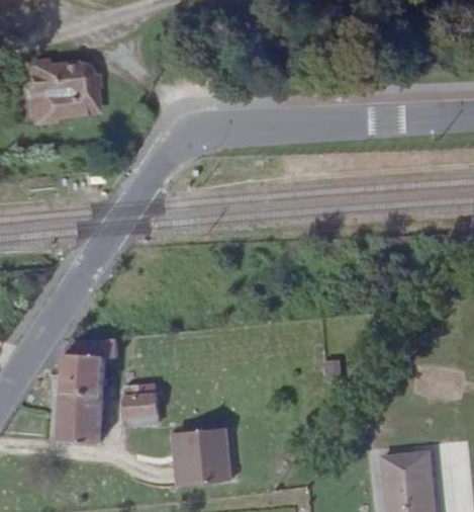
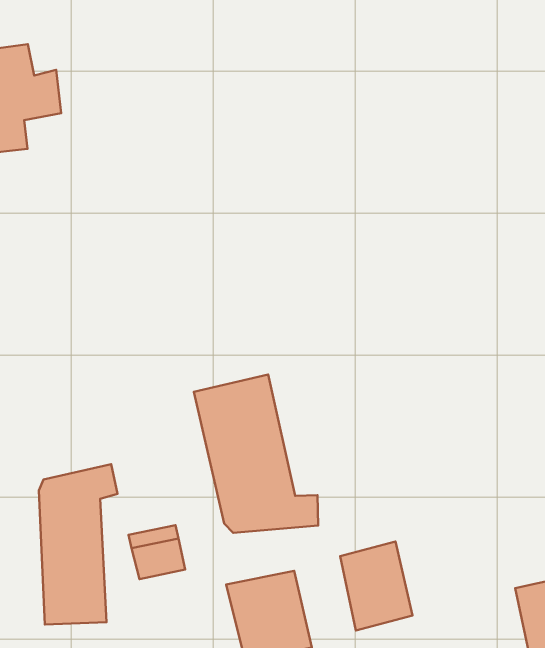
building: none -> [194,374,318,533]
building: none -> [340,542,412,630]

